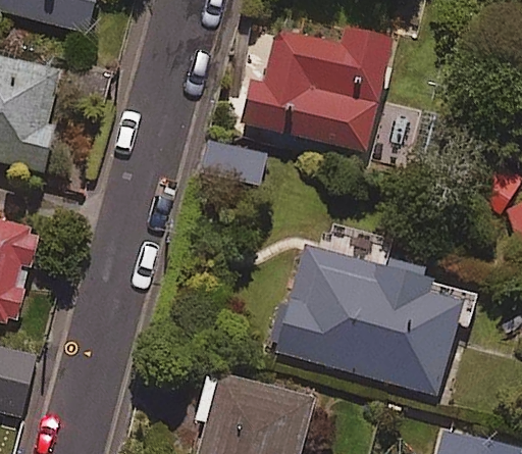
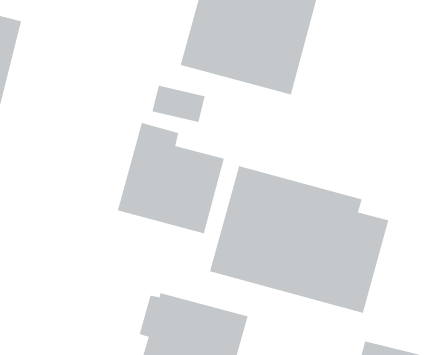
building: none -> [117,122,225,234]

